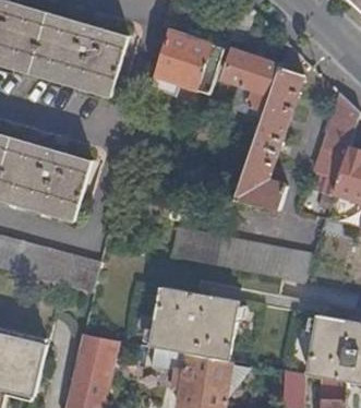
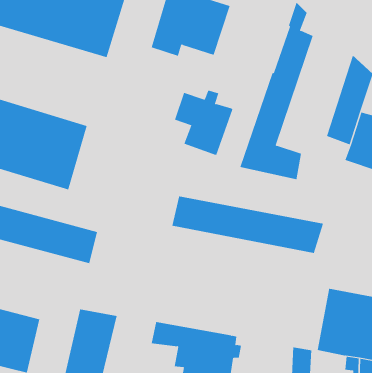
building: [225,48,280,110] -> [174,90,233,155]
building: [149,287,236,359] -> none

